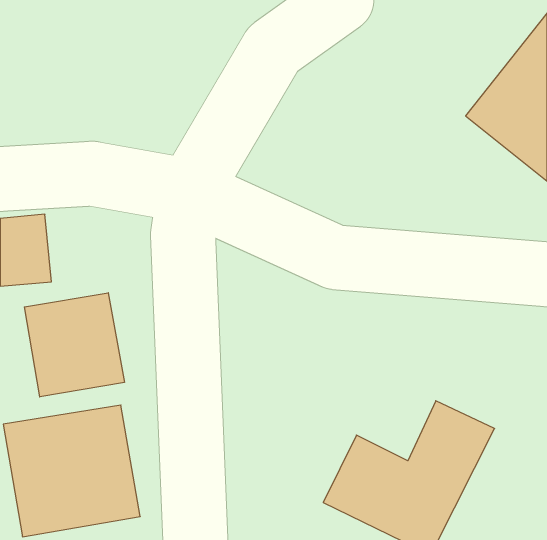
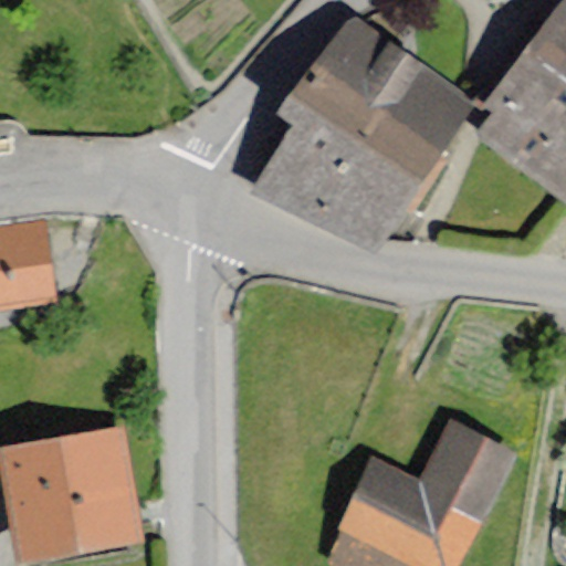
building: none -> [259,30,451,245]
building: [24,293,124,397] -> none

